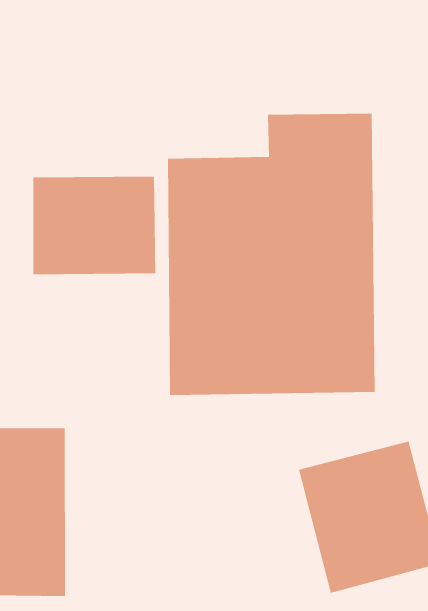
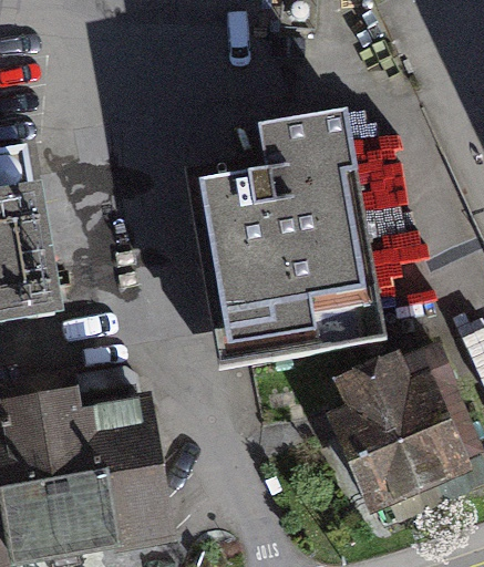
building: [33,176,156,275] -> none

